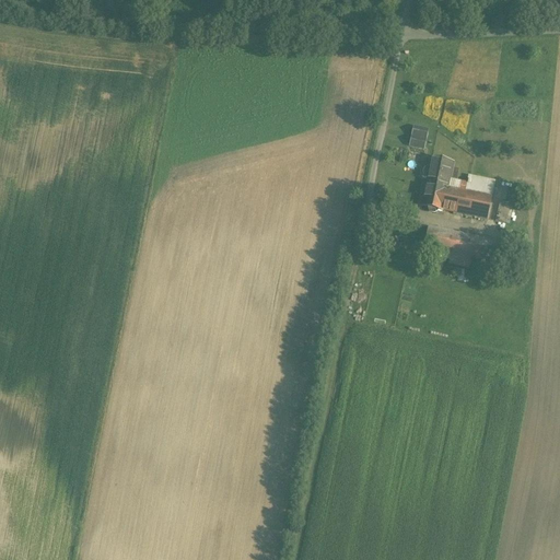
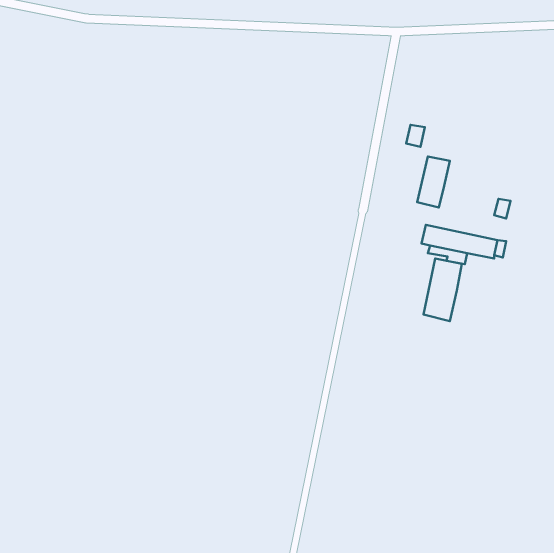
building: [443,174,495,218] -> none
building: none -> [424,259,462,321]

